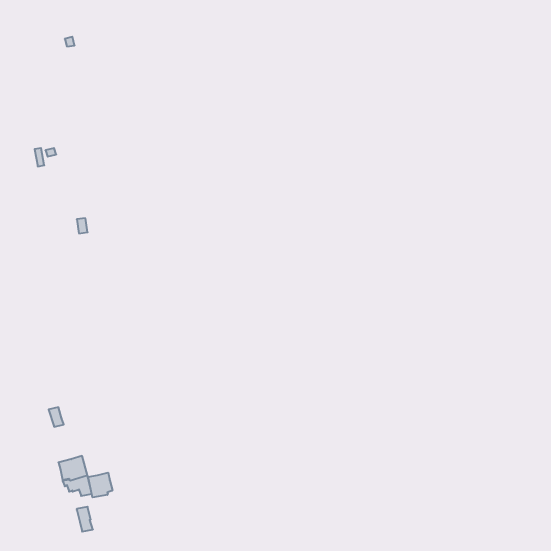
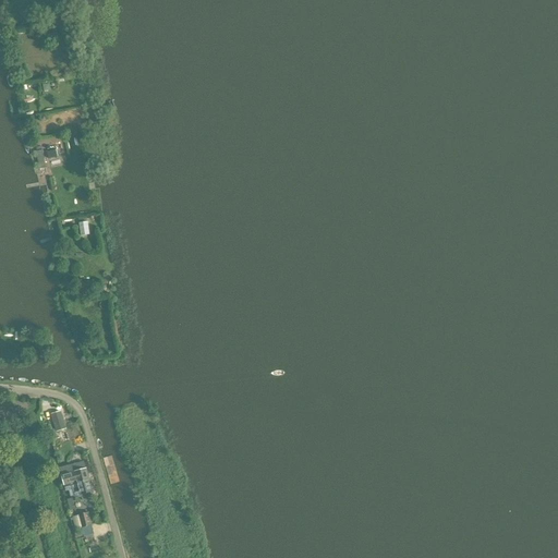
building: [88,473,112,497] -> none

